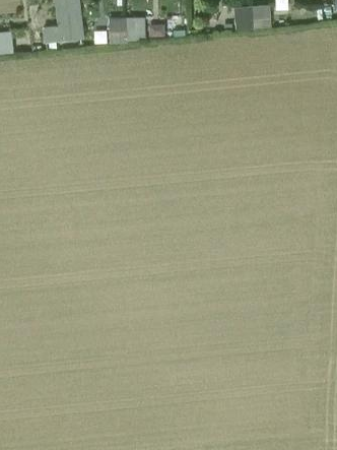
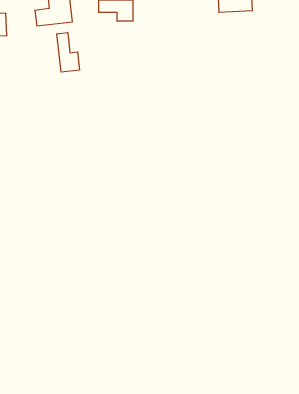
building: none -> [57,32,79,72]

